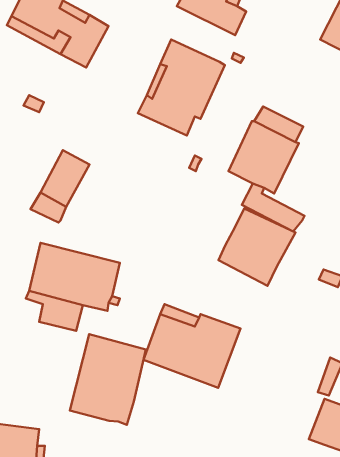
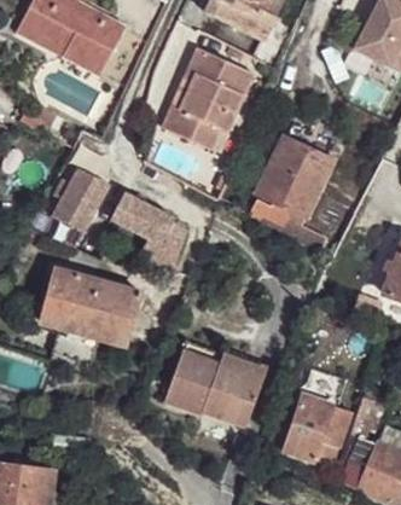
building: none -> [110,186,185,263]
building: [218,209,295,286] -> none
building: none -> [284,366,351,468]
building: [70,334,146,425] -> none

